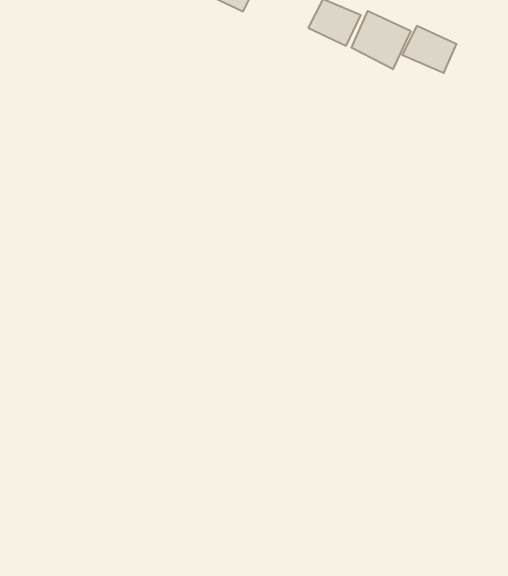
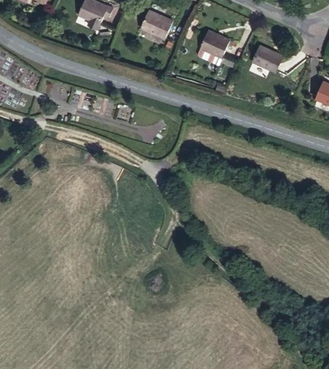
building: [351,11,411,69] -> none

